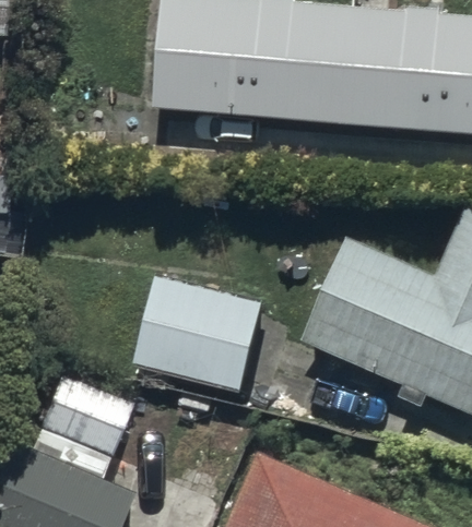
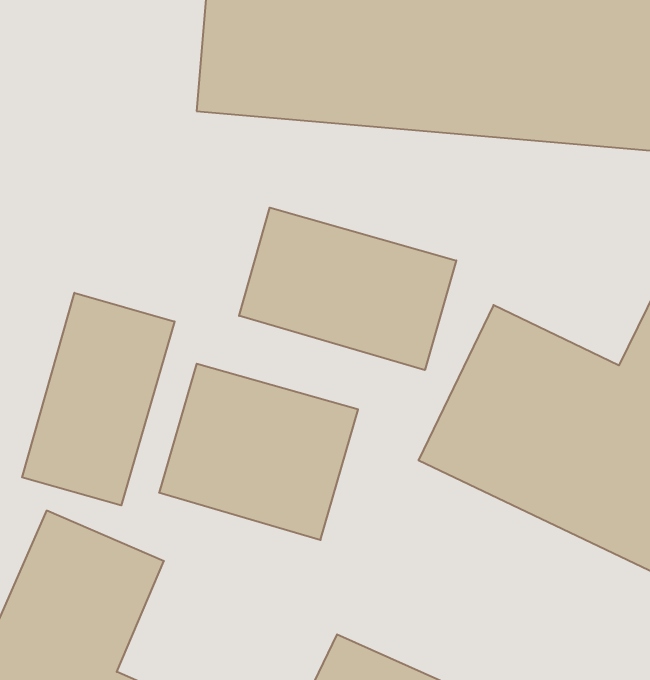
building: none -> [239,208,456,370]
building: none -> [22,293,175,505]

